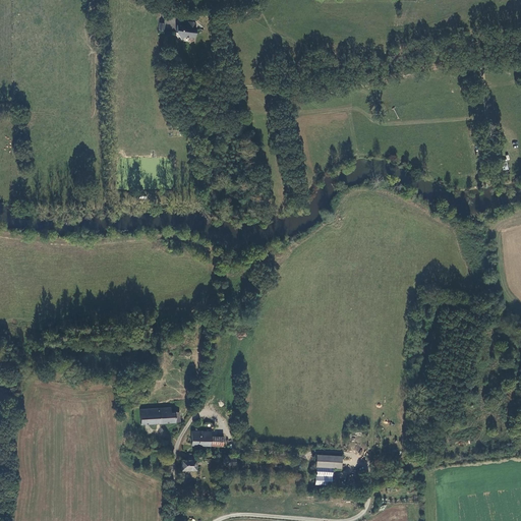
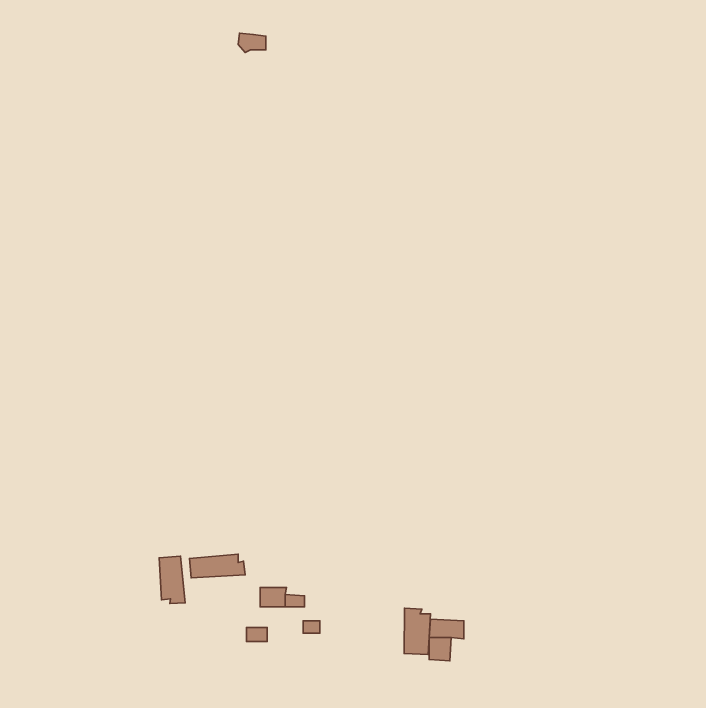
building: none -> [159,556,185,604]
building: none -> [404,608,431,655]

